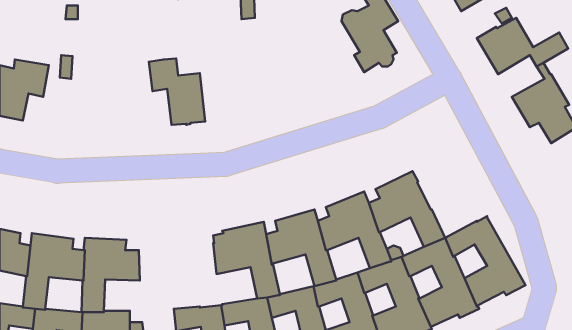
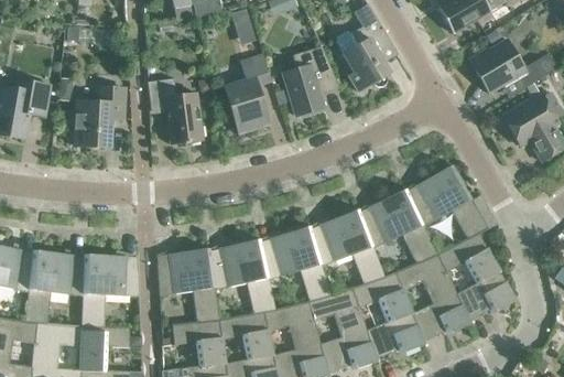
building: none -> [283,46,339,115]
building: none -> [224,53,271,133]
building: none -> [68,86,124,147]
building: none -> [410,164,497,238]
building: none -> [158,248,219,322]

